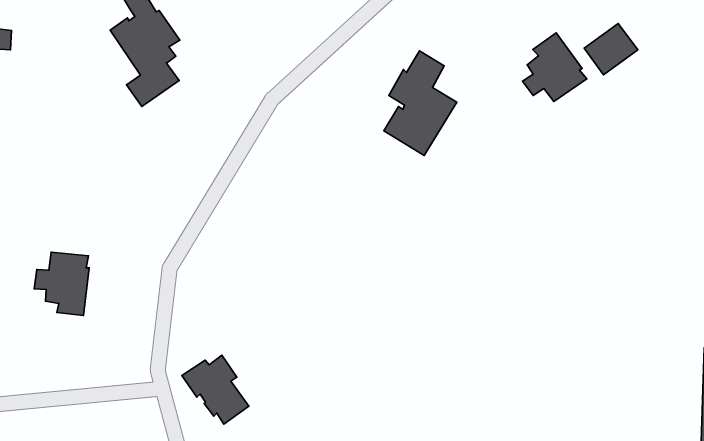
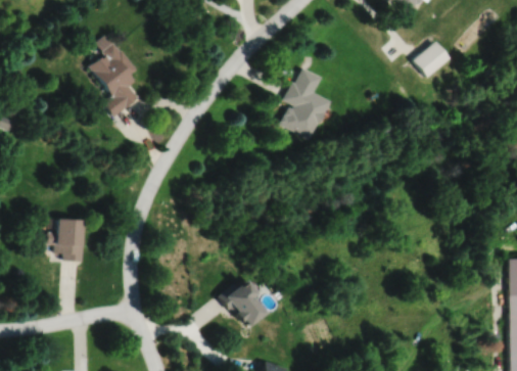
building: [522,33,587,102] -> none
building: [182,355,249,424] -> [217,281,264,328]

